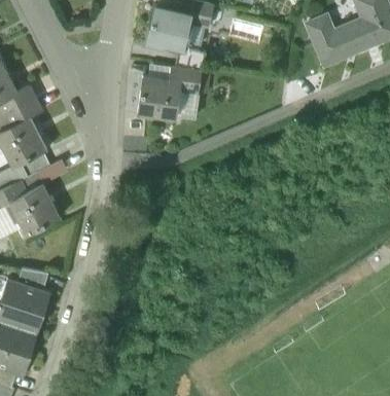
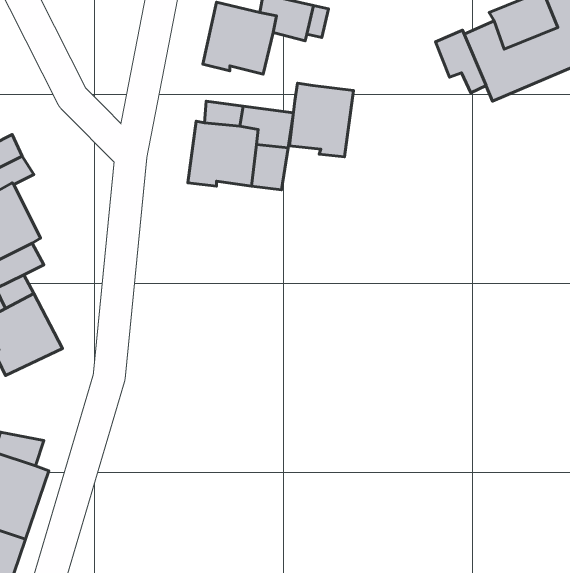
building: none -> [435,30,486,93]
building: none -> [289,83,354,157]

